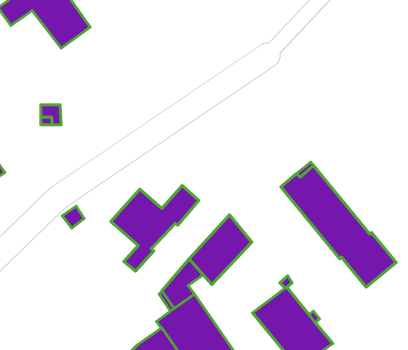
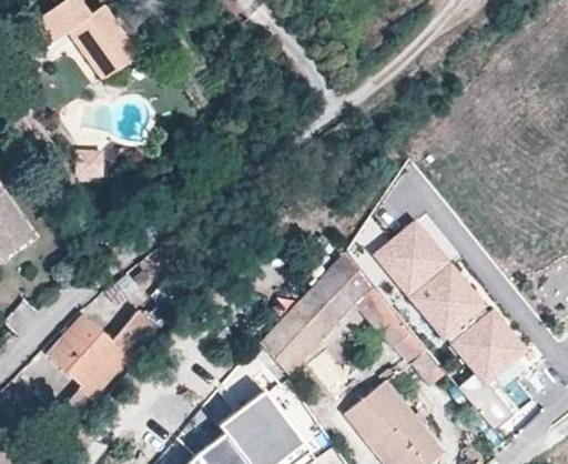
building: [111,186,199,271] -> [45,311,156,418]
building: none -> [313,253,444,387]
building: none -> [458,373,514,433]

